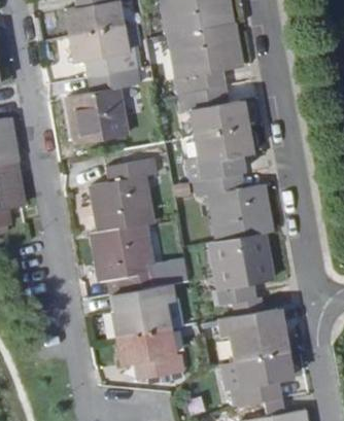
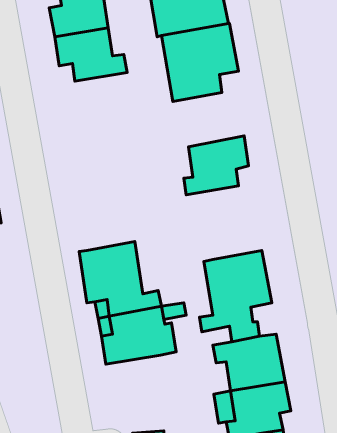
building: [70,68,141,141] -> none
building: [179,86,247,137] -> none
building: [93,157,158,233] -> none
building: [194,173,271,241] -> none
building: [119,329,185,379] -> none

